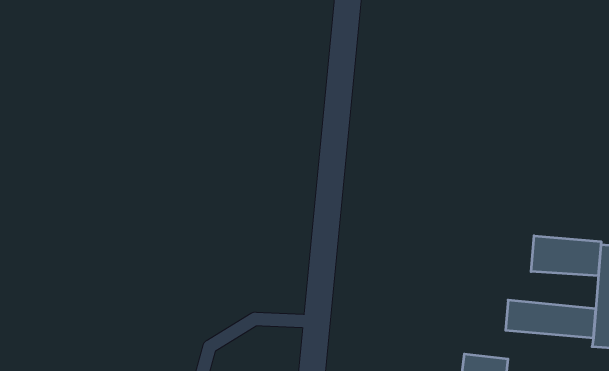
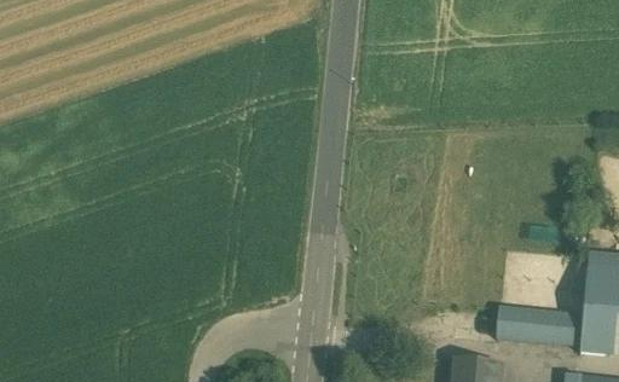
building: [531,236,601,276] -> none

